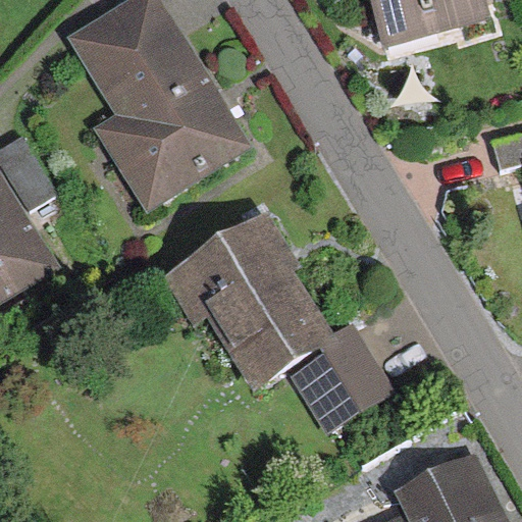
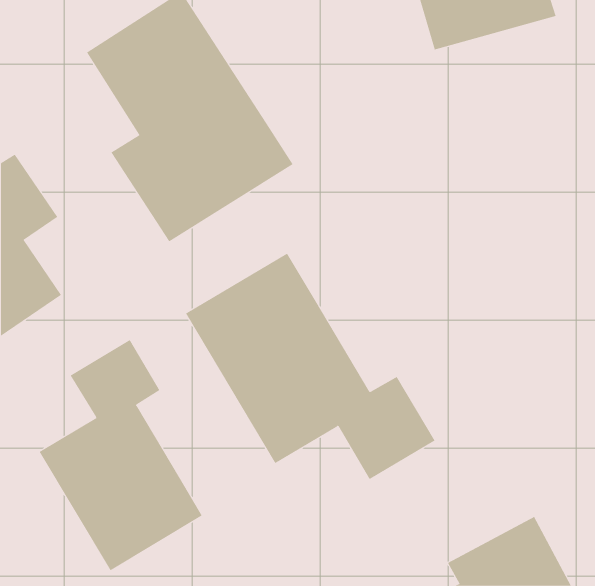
building: none -> [39,339,203,571]

